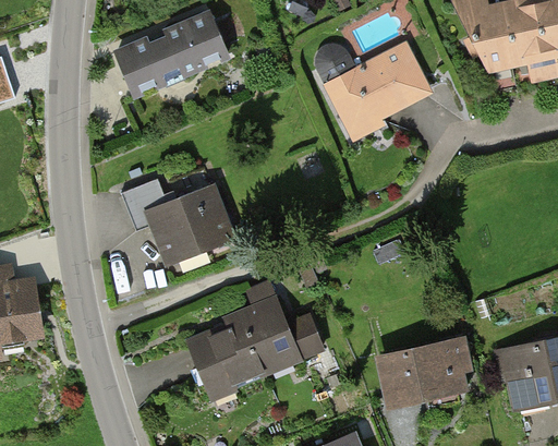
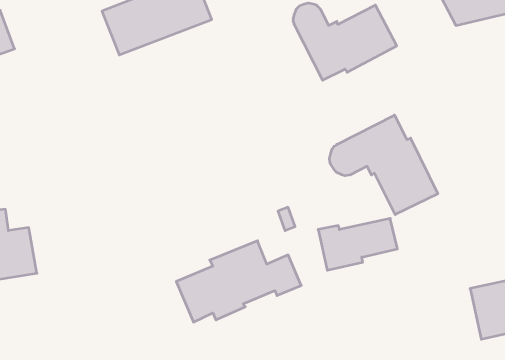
building: none -> [329,115,438,215]
building: [119,181,231,264] -> none
building: [384,342,469,398] -> [318,218,397,270]

